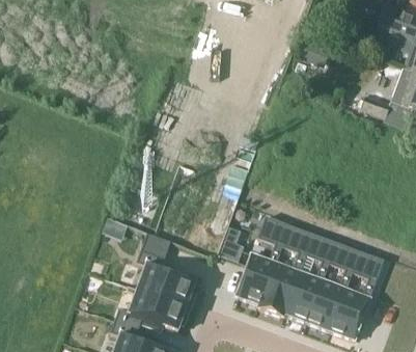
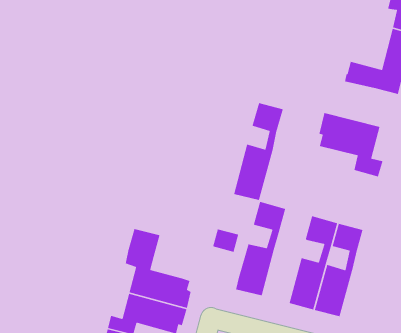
building: none -> [319,112,383,178]
building: [259,224,313,316] -> [233,102,284,201]
building: [331,250,385,339] -> none

